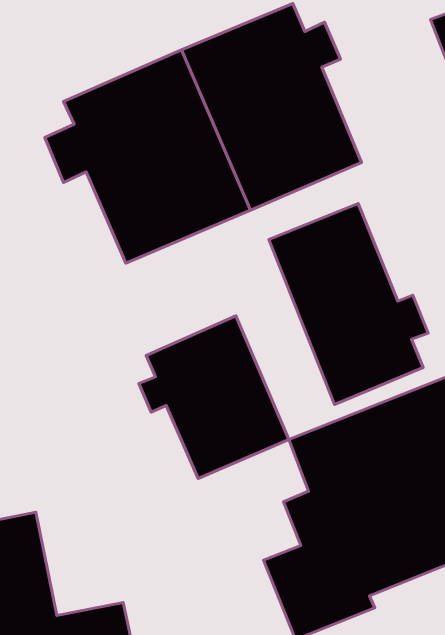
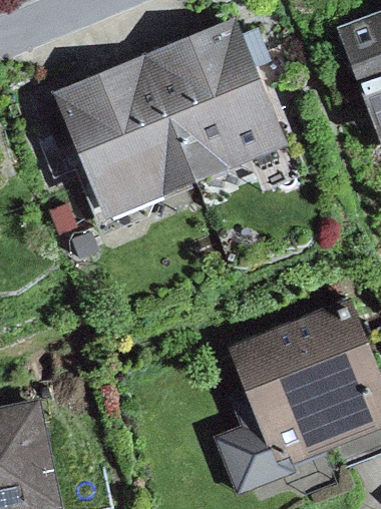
building: [269,204,428,404] -> none
building: [139,316,289,478] -> none

